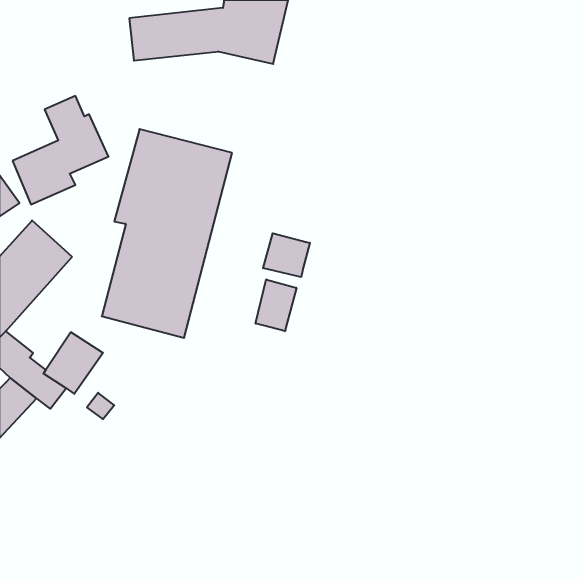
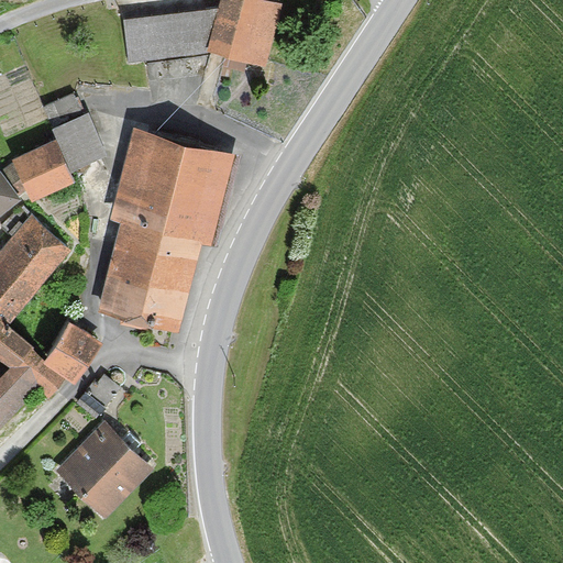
building: [263,233,310,277] -> none
building: [256,279,296,331] -> none
building: none -> [55,421,153,517]

